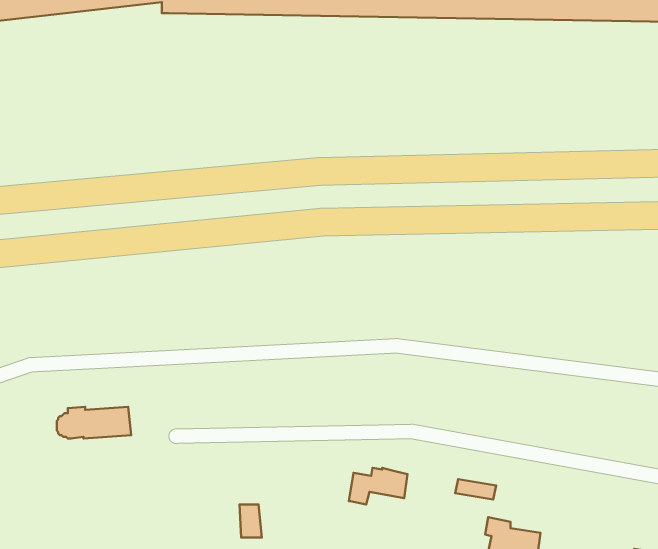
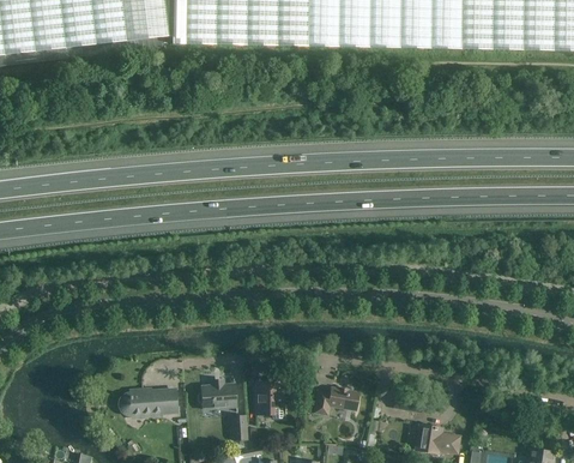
building: [57,407,131,438] -> [121,390,177,414]
building: none -> [198,381,236,409]
building: none -> [256,381,285,417]

